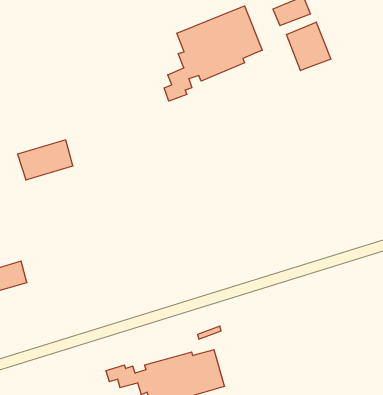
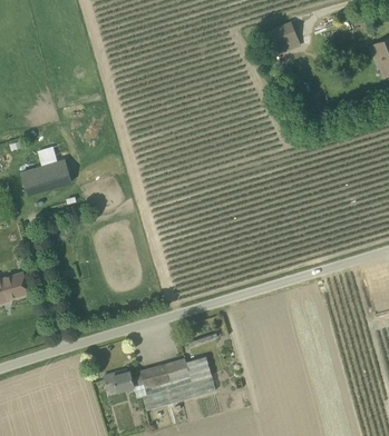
building: [164,6,262,101] -> none
building: [287,22,331,71] -> none

